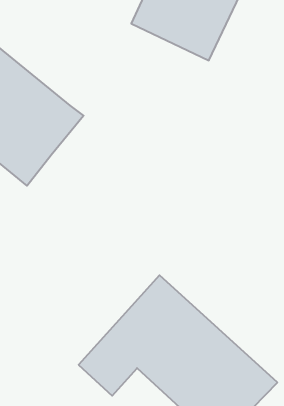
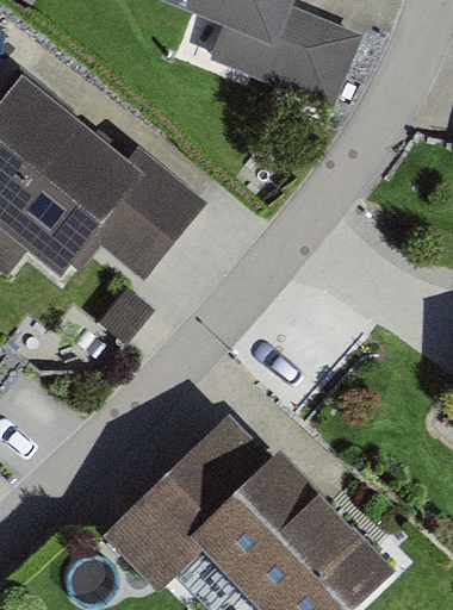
building: none -> [91,151,200,281]

